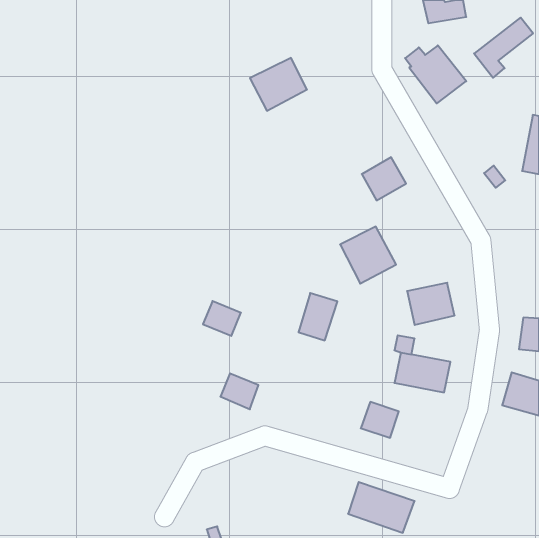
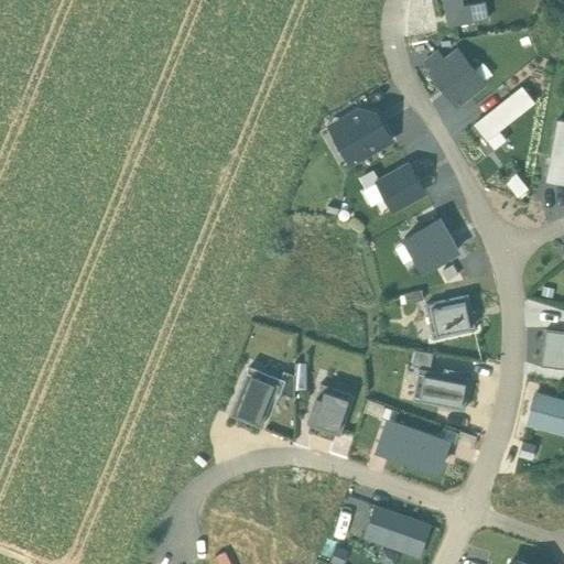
building: [474,18,533,78] -> [474,87,535,150]
building: [250,58,307,111] -> [330,109,390,164]
building: [340,227,396,284] -> [401,215,459,274]
building: [298,293,337,340] -> [311,386,351,435]
building: [203,301,241,336] -> [240,367,280,403]
building: none -> [408,431,447,469]

